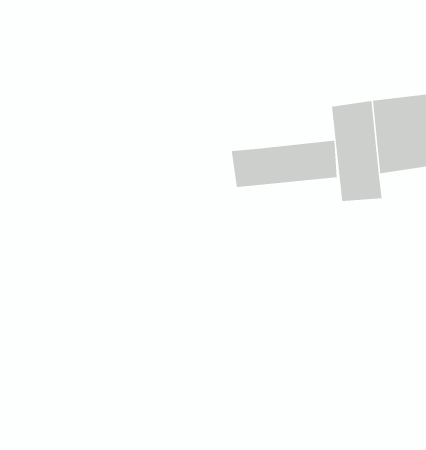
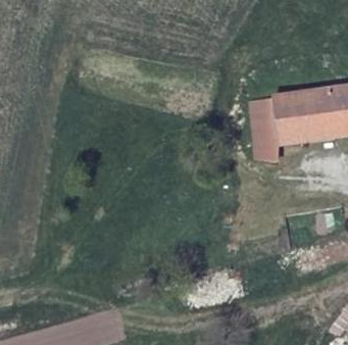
building: [231,140,337,188] -> none

